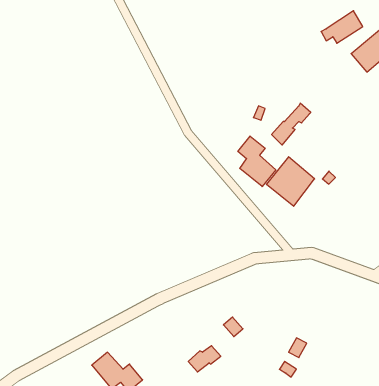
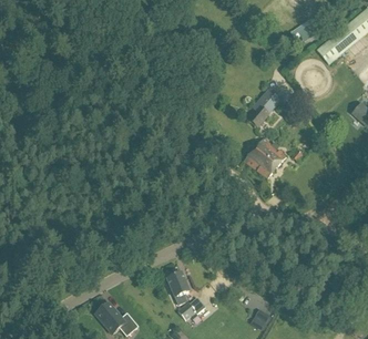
building: [238,136,276,187] -> none
building: none -> [166,271,190,305]

